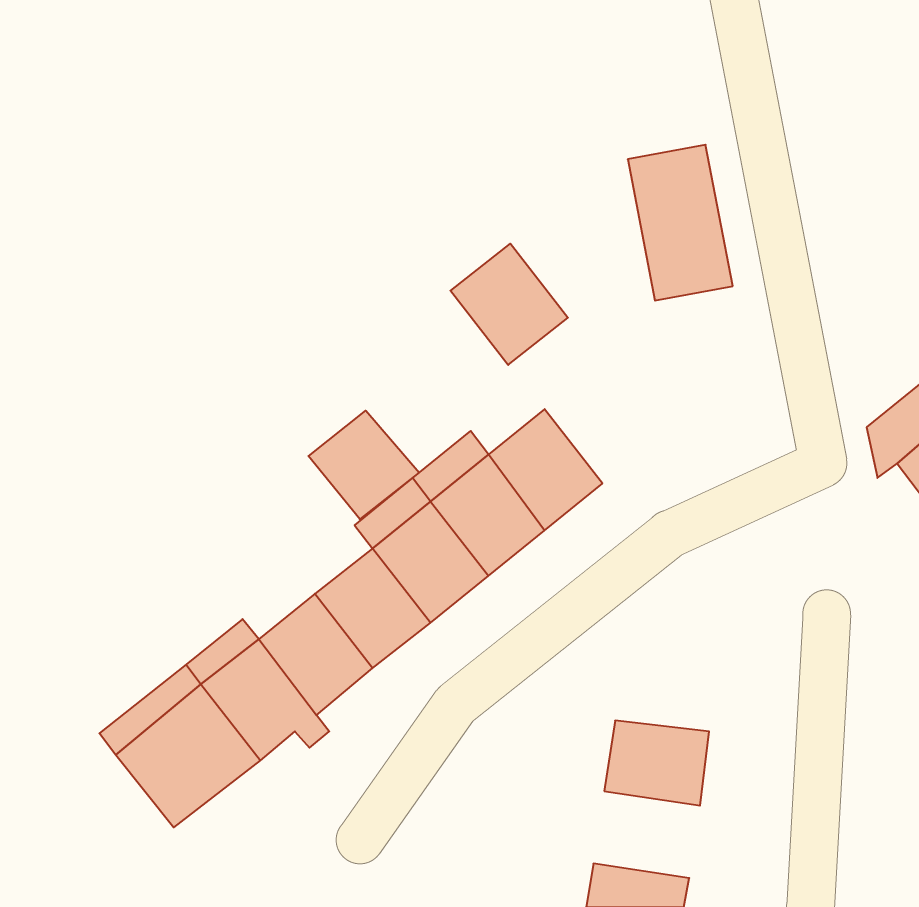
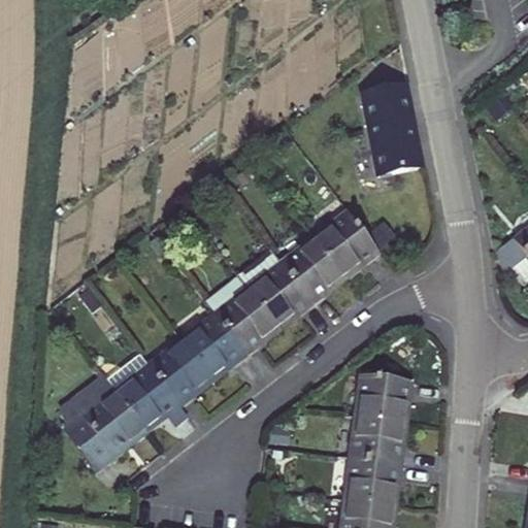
building: [450,244,568,365] -> [314,206,381,275]
building: [308,411,419,519] -> none
building: none -> [354,368,414,417]
building: none -> [341,451,402,500]

